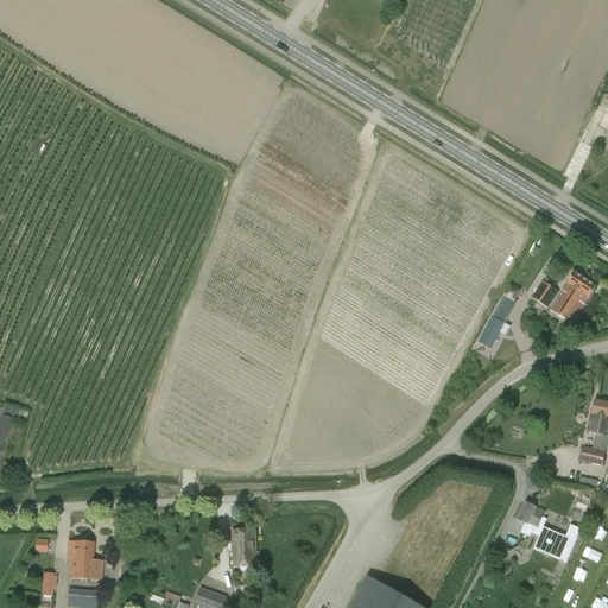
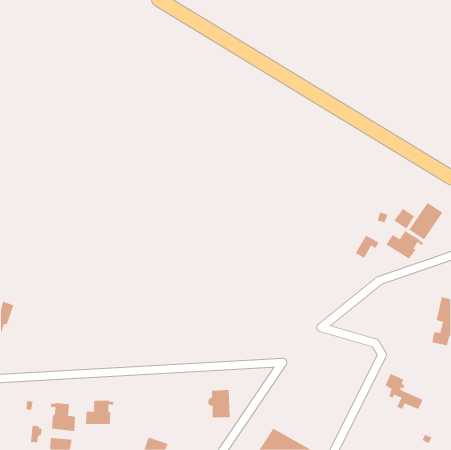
building: none -> [386,230,424,260]
building: [227,528,258,566] -> [208,390,230,418]
building: none -> [85,400,114,425]

